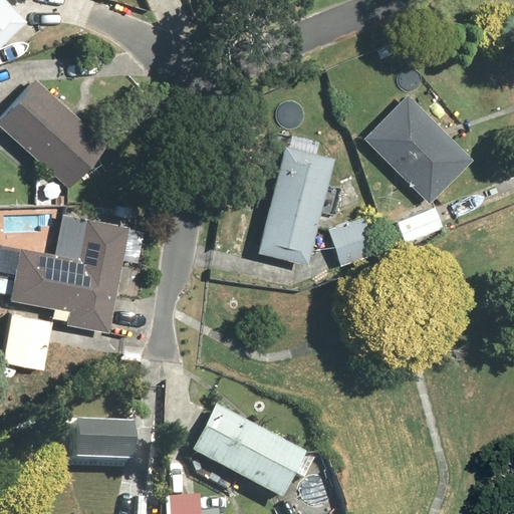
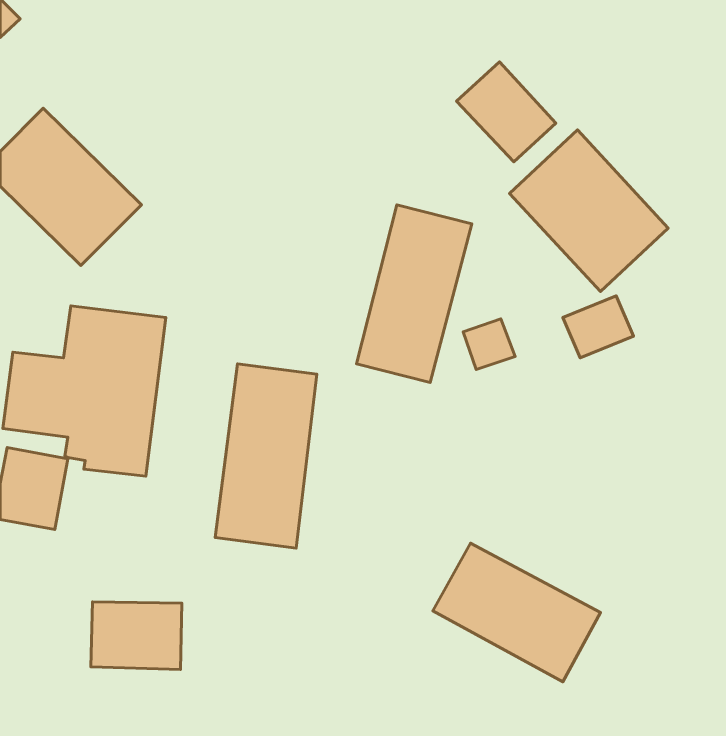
building: none -> [457,62,556,162]
building: none -> [215,364,317,548]
building: [192,406,308,502] -> [433,543,600,682]

